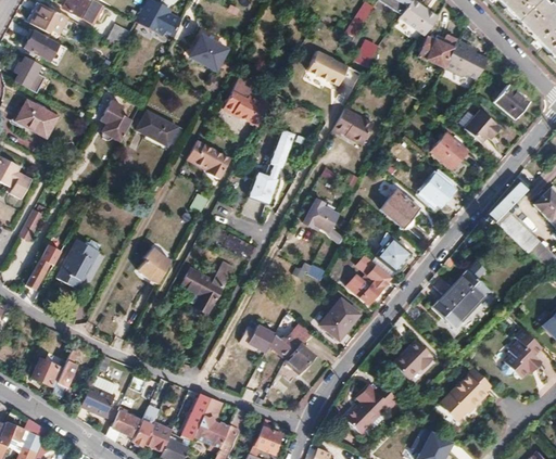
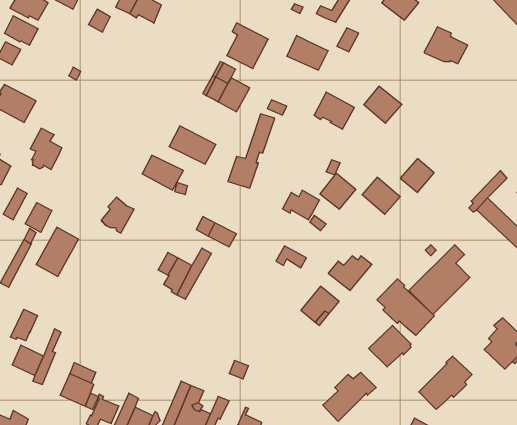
building: [188,23,229,68] -> [227,23,268,69]
building: [420,36,456,67] -> none
building: [493,85,529,120] -> none
building: [101,99,132,140] -> [30,128,62,170]
building: [460,109,497,141] -> none
building: [136,111,177,145] -> [142,155,183,190]
building: [430,132,468,169] -> [364,86,402,123]
building: none -> [25,203,52,232]
building: [375,237,410,272] -> [320,173,356,209]
building: [139,247,172,283] -> [101,197,134,233]
building: none -> [377,279,434,335]
building: [237,322,273,352] -> none
building: none -> [11,309,37,341]
building: [283,330,314,373] -> none

